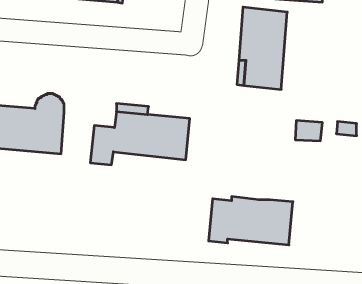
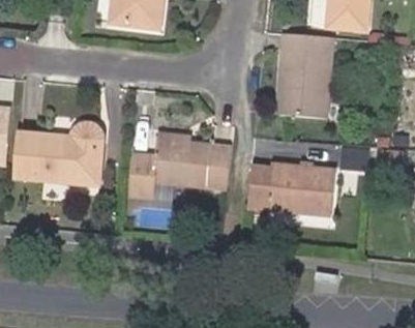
building: [209,197,293,245] -> [247,166,334,215]

